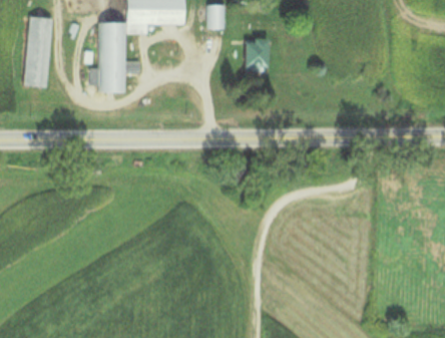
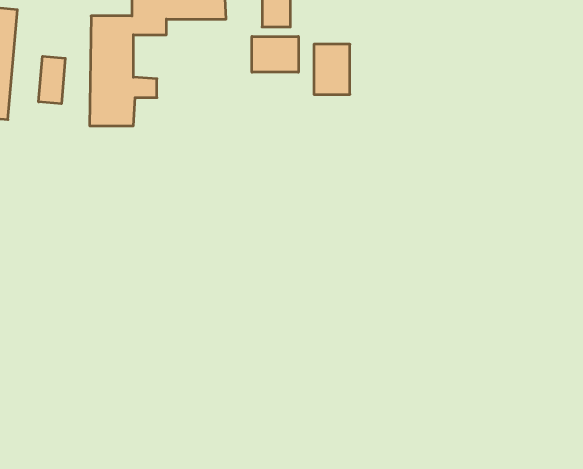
building: none -> [252,36,298,72]
building: none -> [39,56,65,104]

